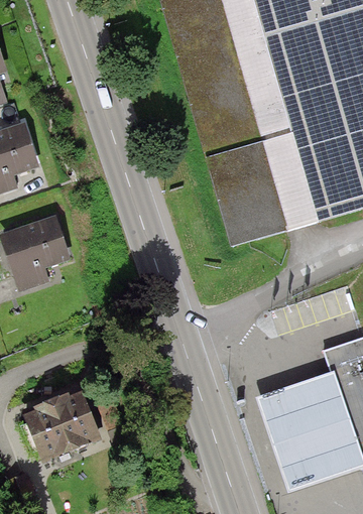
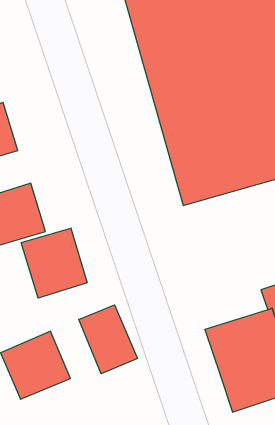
building: none -> [21,228,87,298]
building: none -> [79,305,137,374]

